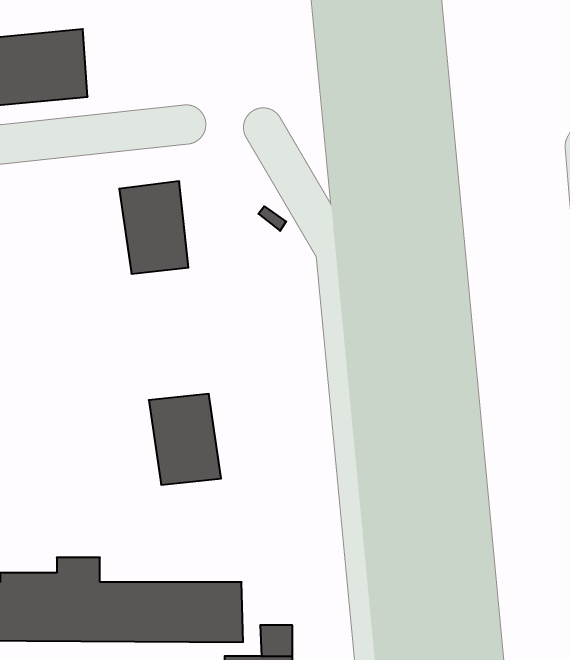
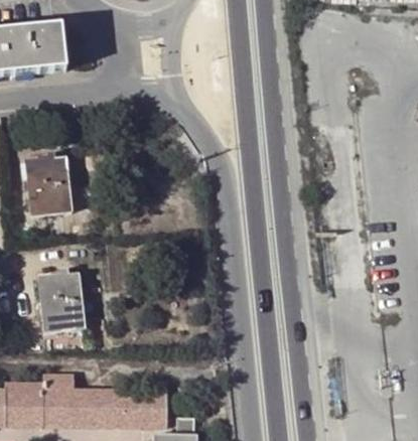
building: [119,181,188,274] -> [28,157,74,217]
building: [149,394,221,485] -> [40,273,88,332]

